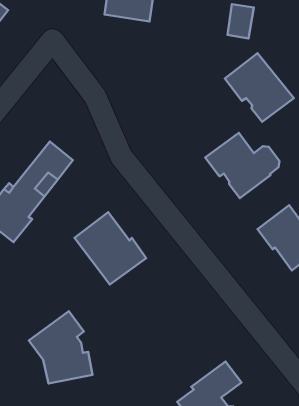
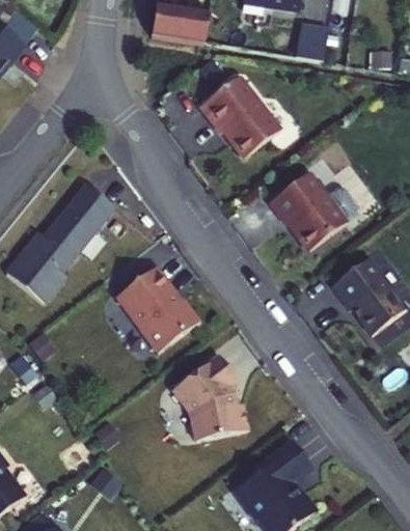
building: [225,53,294,122] -> [200,76,281,157]
building: [29,311,93,384] -> [172,355,247,440]

